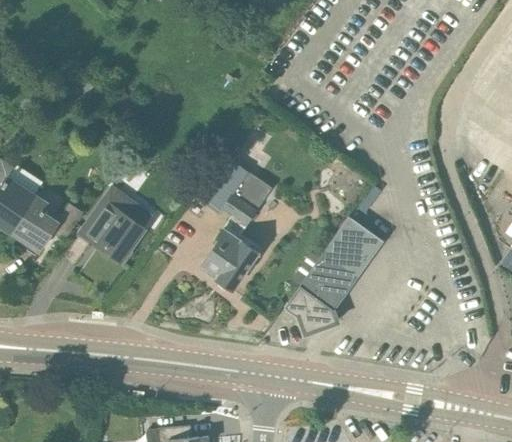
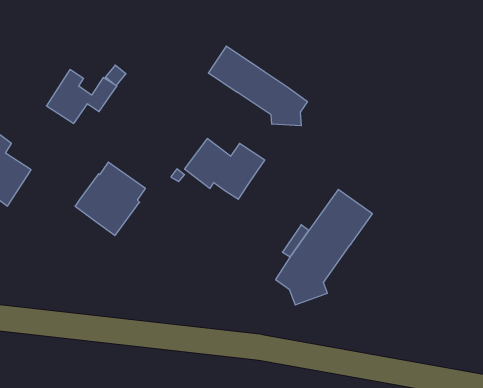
building: none -> [208,46,307,126]
building: [11,196,83,251] -> [46,70,117,123]
building: [202,217,261,290] -> none

